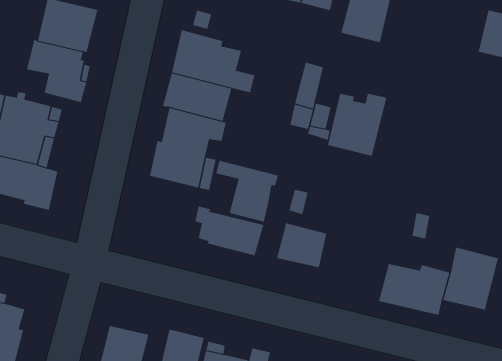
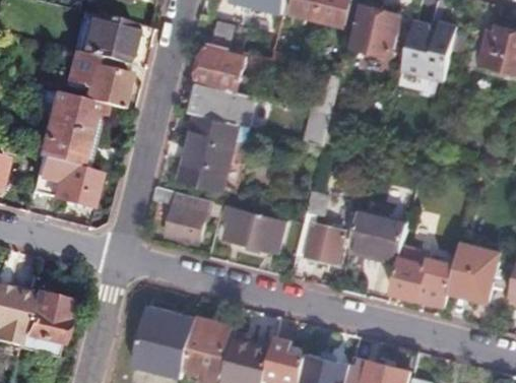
building: [327,93,387,156] -> [400,27,455,85]
building: [216,160,279,222] -> [152,188,210,245]
building: none -> [348,209,407,258]

